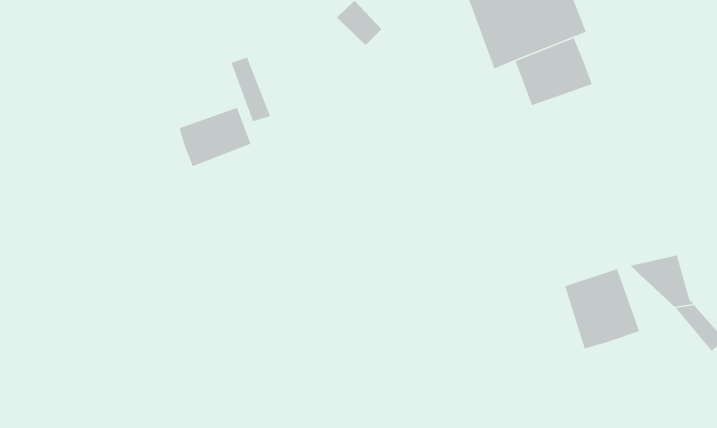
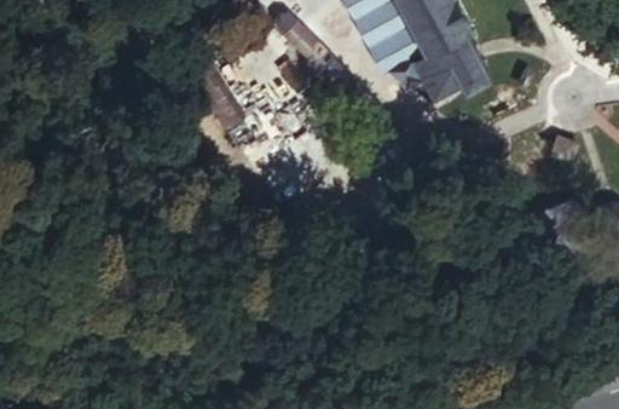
building: [179,107,251,167] -> none
building: [564,268,640,349] -> none

